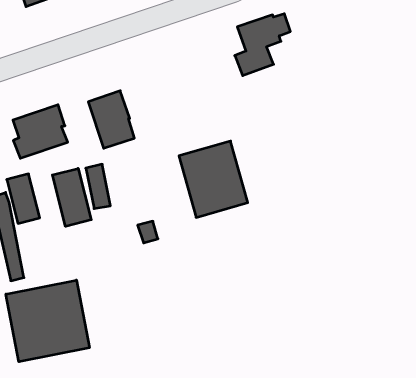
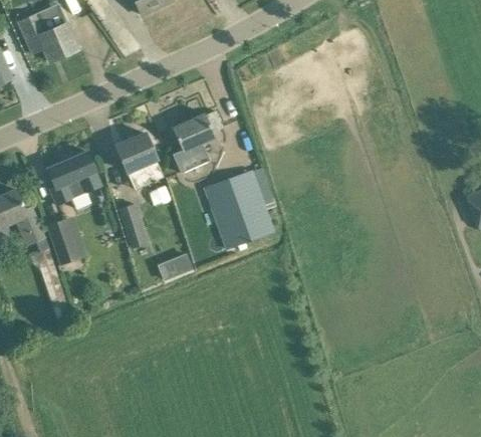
building: [235,14,290,76] -> [173,111,223,172]
building: [52,168,91,226] -> none
building: [6,280,89,362] -> none

